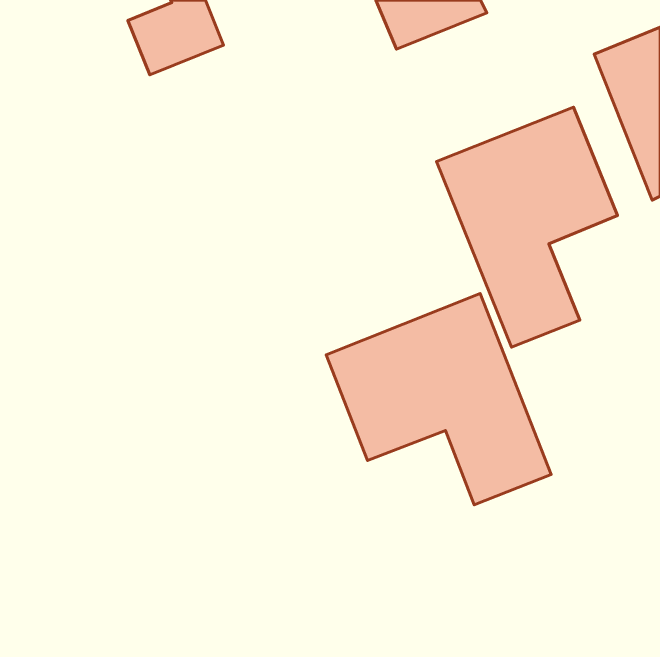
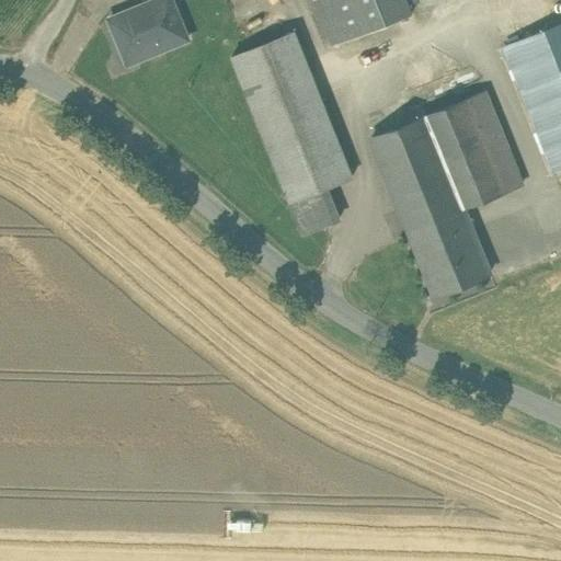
building: none -> [232,33,352,236]
building: [326,293,551,505] -> none

